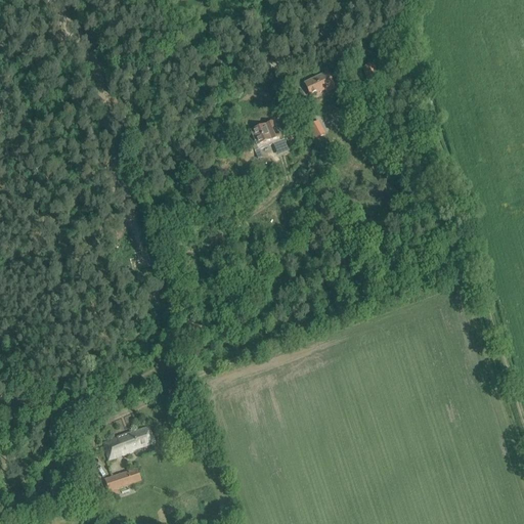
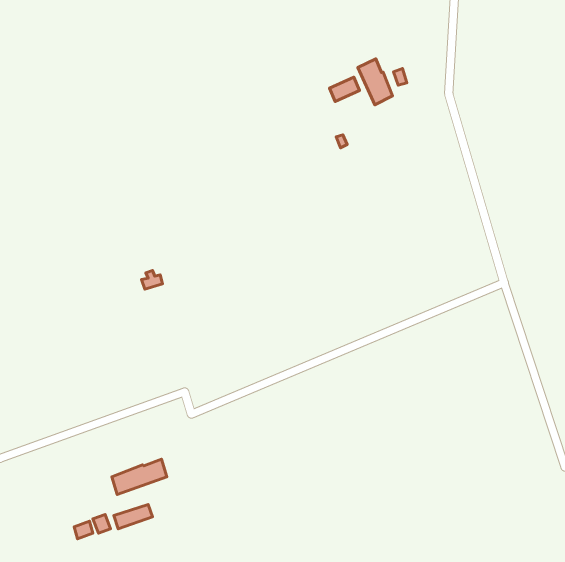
building: none -> [358,59,393,105]
building: [251,119,280,148] -> none

